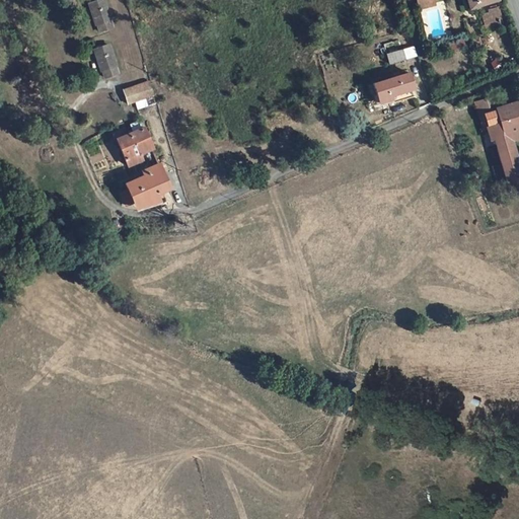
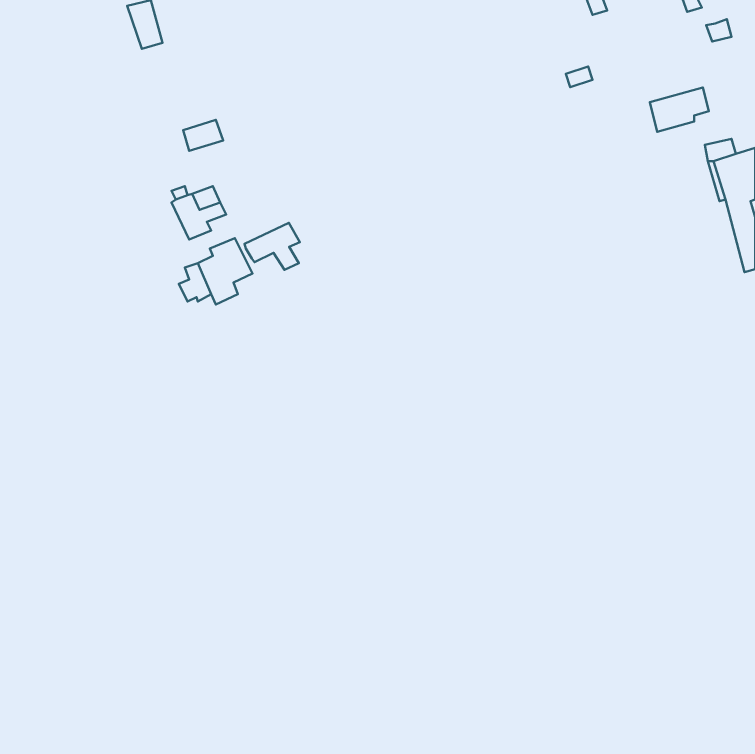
building: [95,44,119,77] -> none
building: [375,70,416,100] -> [650,87,709,132]
building: none -> [245,223,300,270]

